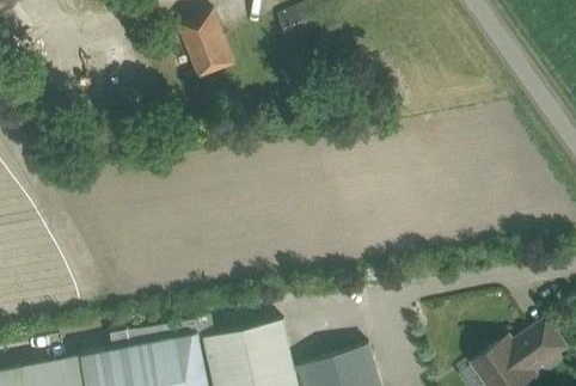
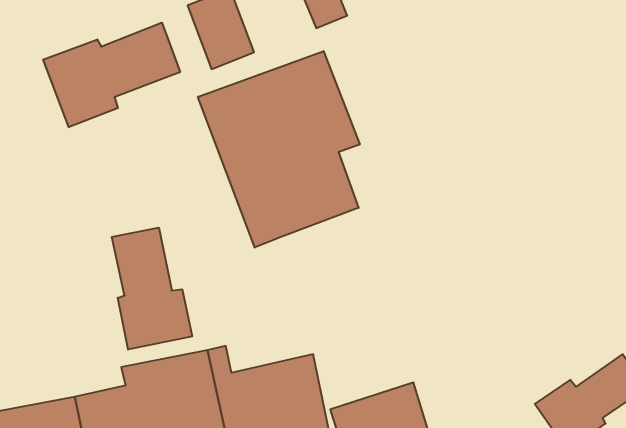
building: none -> [43,23,180,127]
building: none -> [198,51,360,248]
building: none -> [112,228,192,350]

